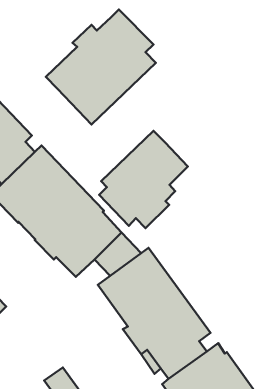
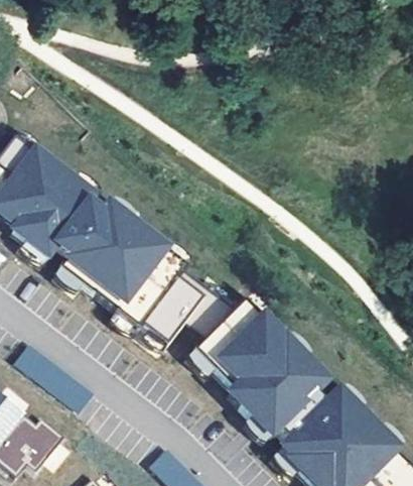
building: [46,9,156,125] -> none
building: [99,131,188,228] -> none

